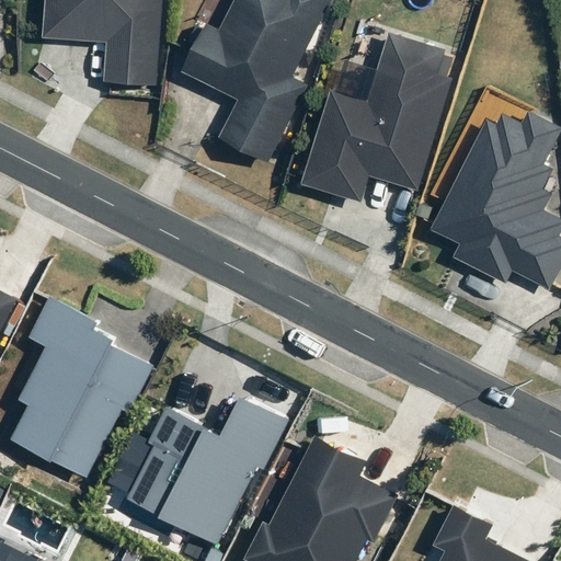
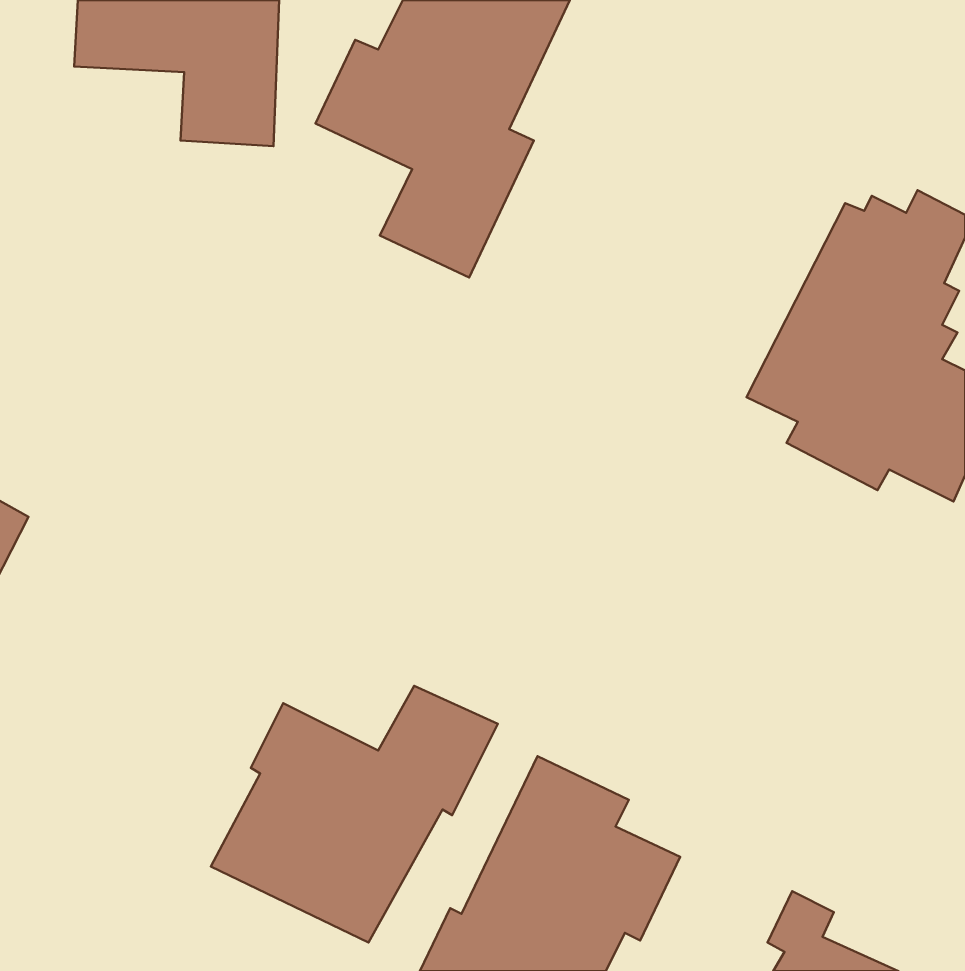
building: [305,30,451,201] -> none
building: [23,295,152,471] -> none

